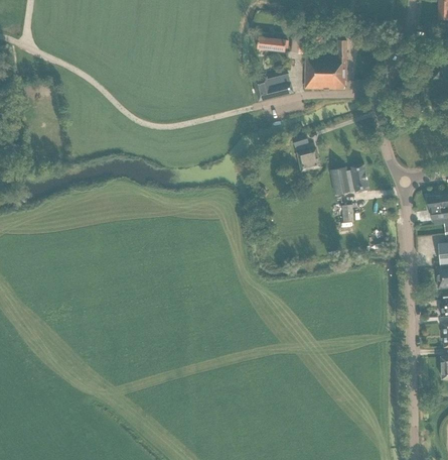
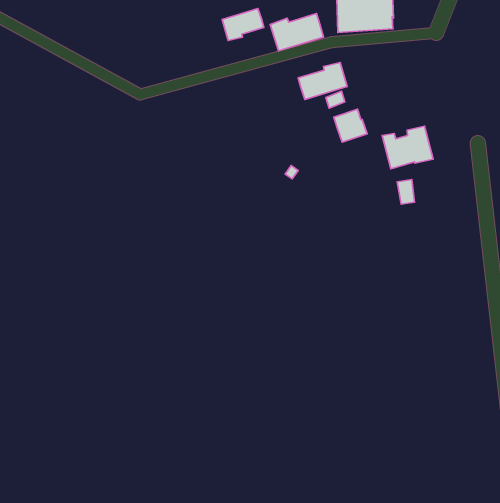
building: none -> [222,9,264,41]
building: none -> [298,63,347,99]

